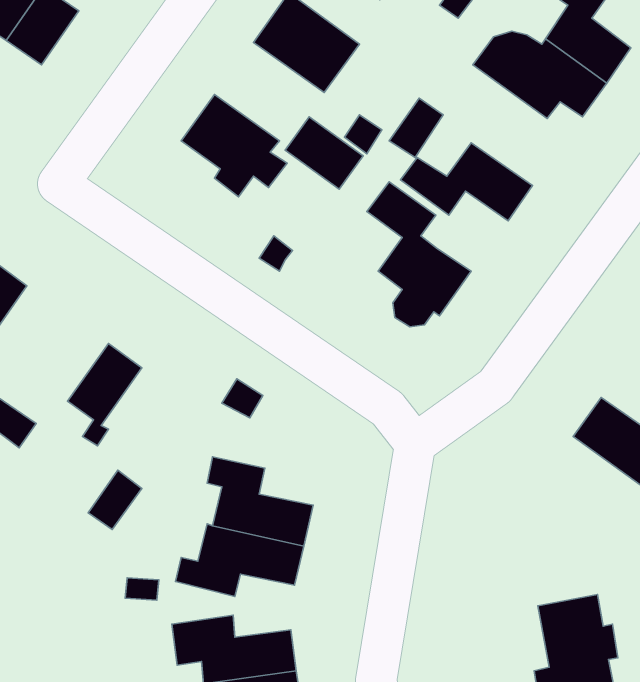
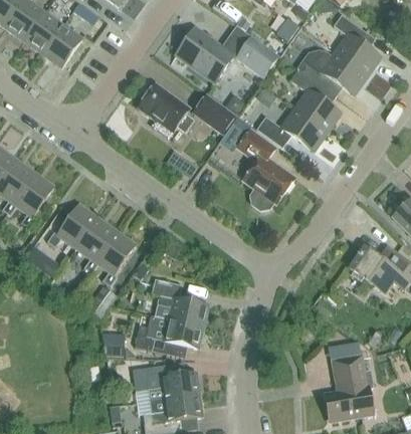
building: none -> [236,36,277,76]
building: none -> [288,66,341,132]
building: none -> [46,203,97,248]
building: none -> [93,230,135,285]

